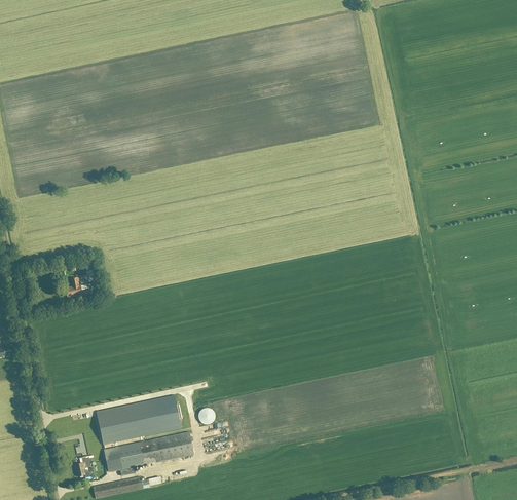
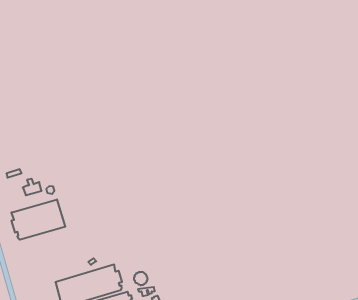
building: none -> [11,199,65,240]

